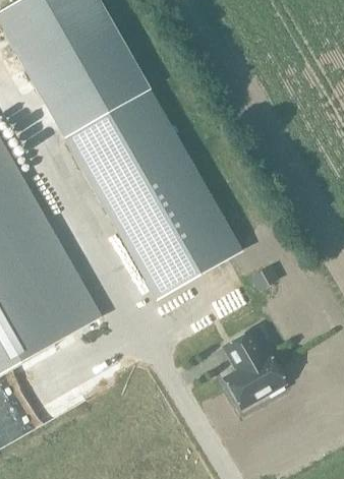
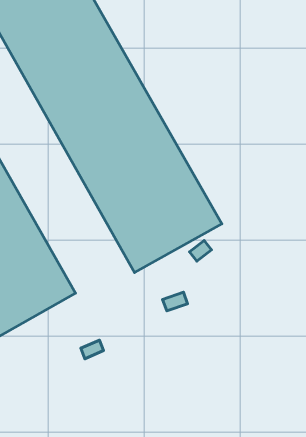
building: [223,327,284,405] -> none

